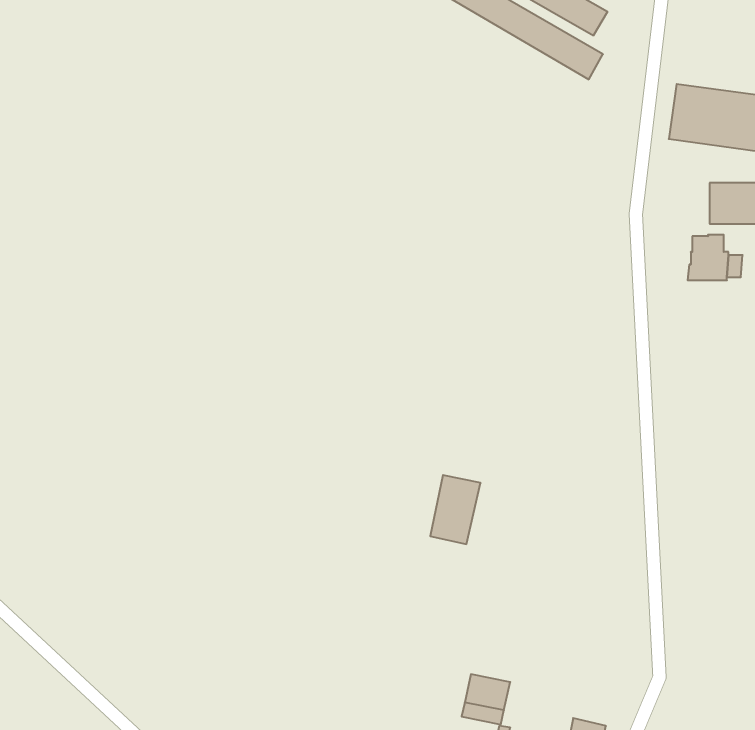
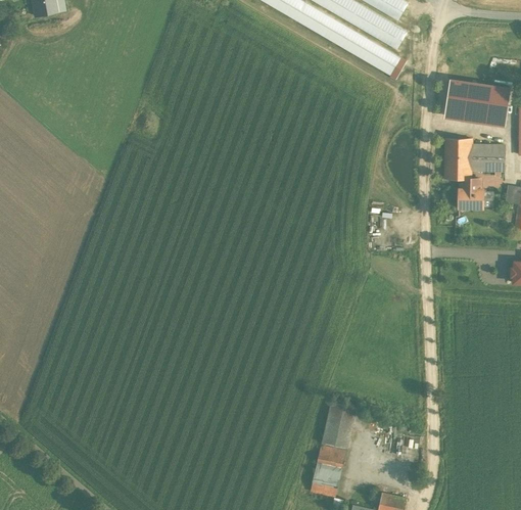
building: none -> [444,138,472,179]
building: [430,475,481,544] -> [323,403,356,448]
building: none -> [317,447,345,469]

